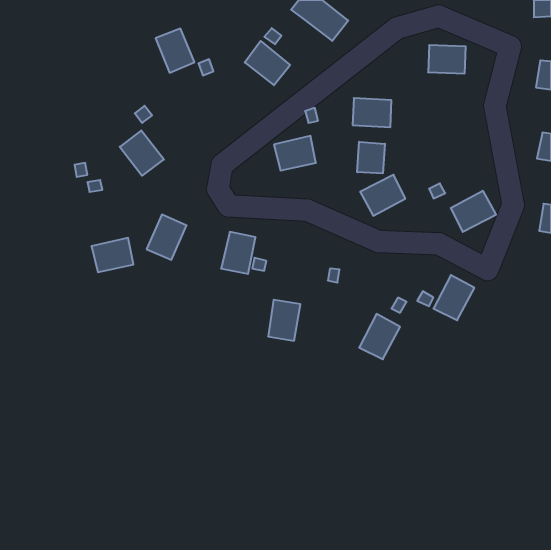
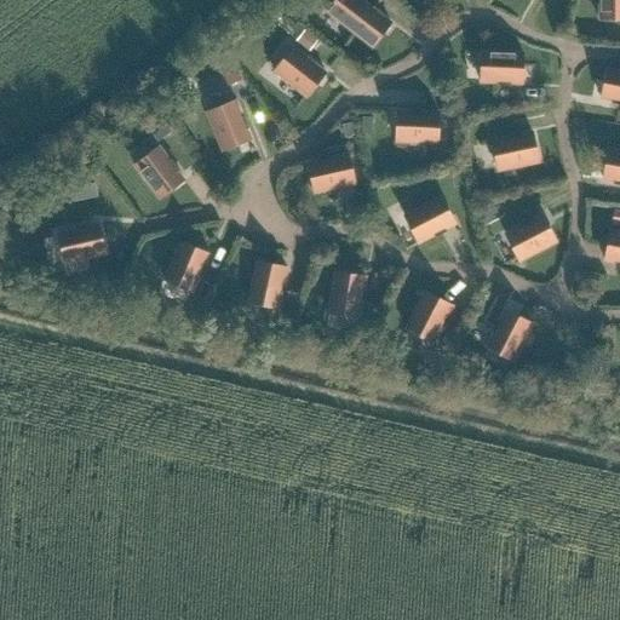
building: [156,29,194,73] -> [207,102,251,151]
building: none -> [492,132,539,171]
building: [357,142,385,173] -> none
building: [91,238,133,272] -> [58,224,105,263]
building: [268,300,300,341] -> [329,272,366,318]
building: [359,314,400,359] -> [407,292,453,343]

